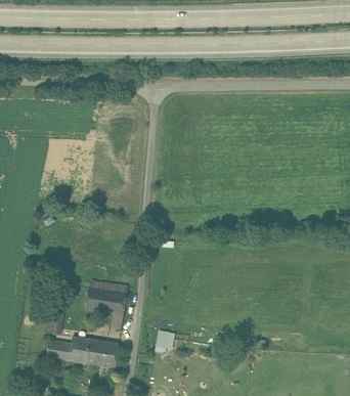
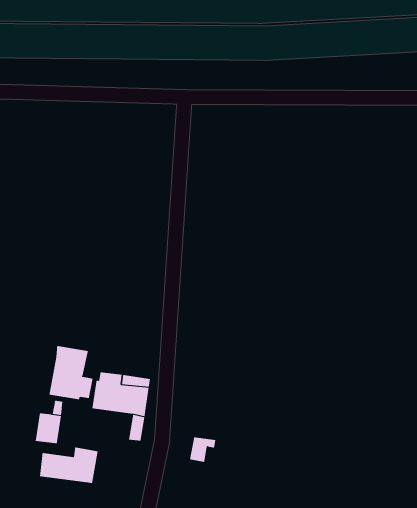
building: none -> [49,345,93,400]
building: [85,340,118,368] -> none

